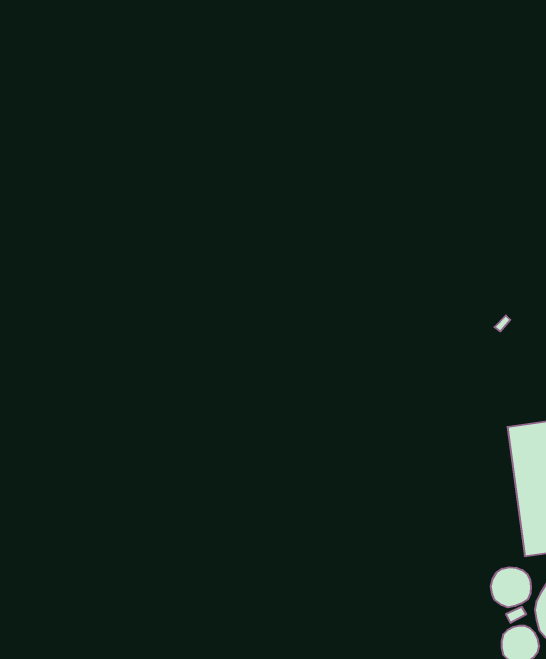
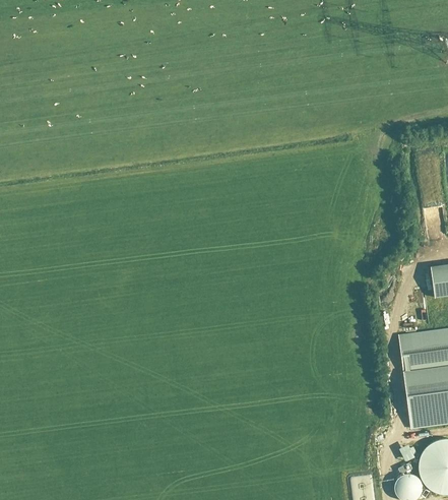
building: [491,567,531,607] -> none

